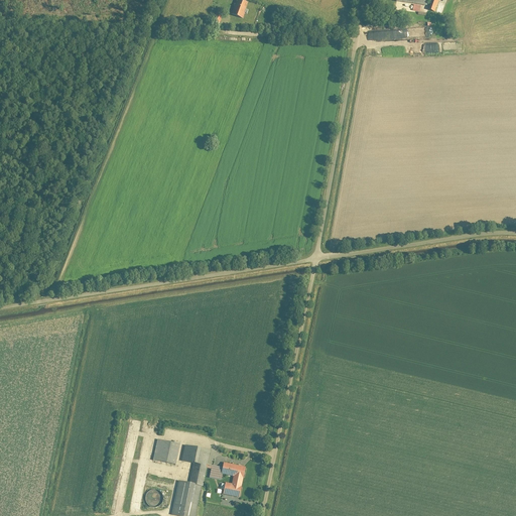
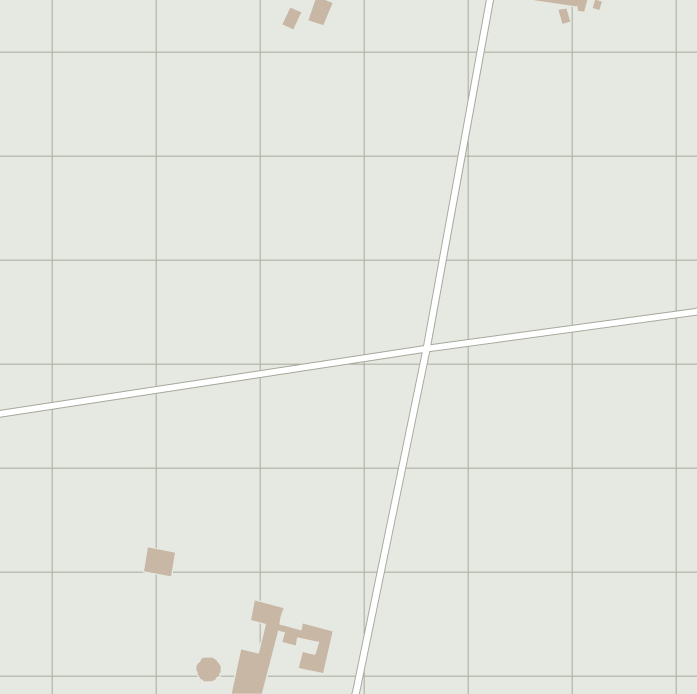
building: [153,439,177,462] -> [143,547,176,577]

